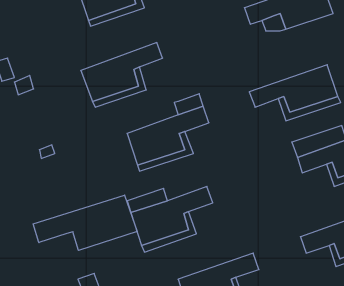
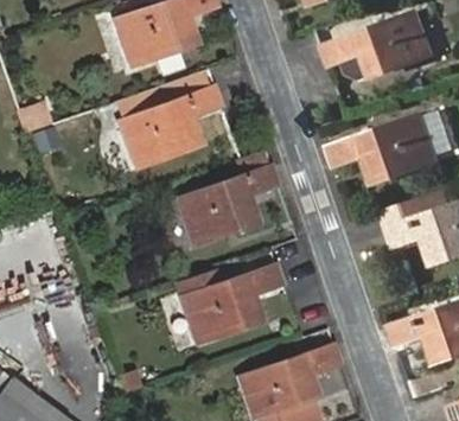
building: [33,195,137,250] -> none

